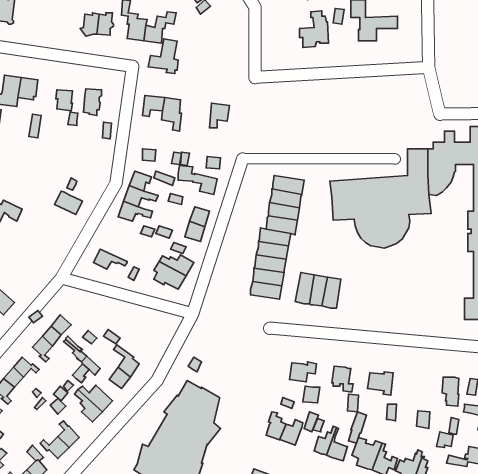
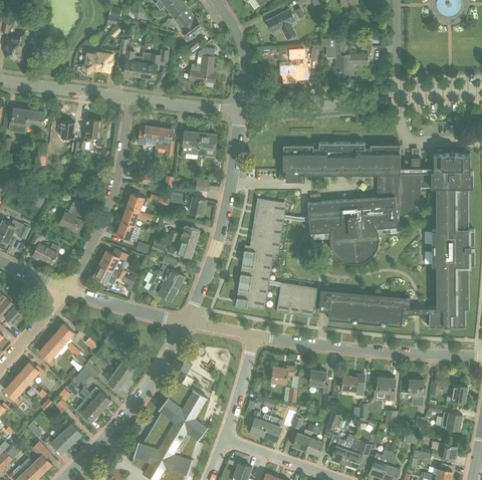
building: [148,39,178,73] -> [188,55,215,86]
building: none -> [181,132,200,155]
building: none -> [280,143,400,180]
building: none -> [30,233,59,263]
building: none -> [99,249,128,275]
building: none -> [317,289,409,326]
building: none -> [374,377,394,401]

